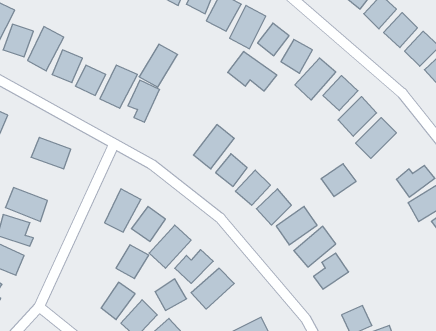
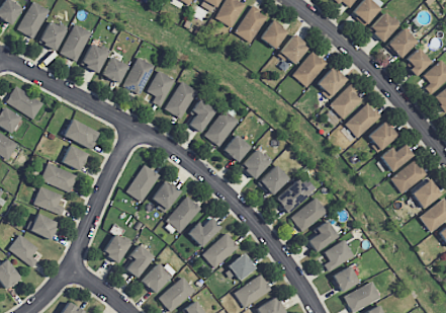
building: [139,44,178,87] -> [165,81,198,119]
building: [228,51,277,91] -> none
building: none -> [186,99,216,132]
building: [321,164,356,197] -> [367,122,397,150]
building: none -> [63,146,88,170]
building: [116,245,149,279] -> [102,233,130,262]
building: none -> [325,239,354,269]
building: [155,279,187,310] -> [229,252,256,280]

